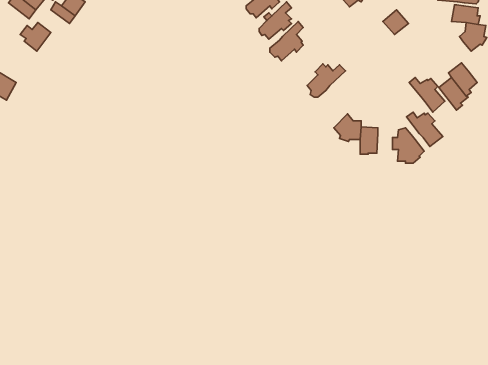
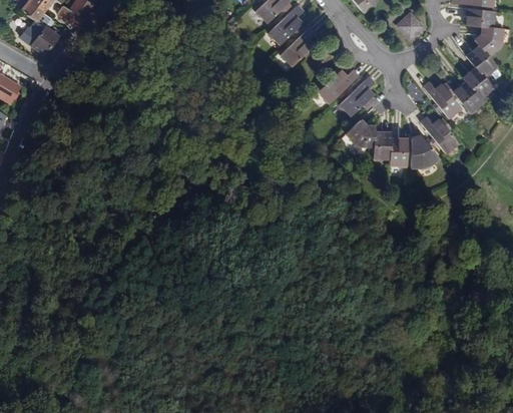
building: none -> [468,46,498,75]
building: none -> [341,76,376,115]
building: none -> [391,139,408,166]

